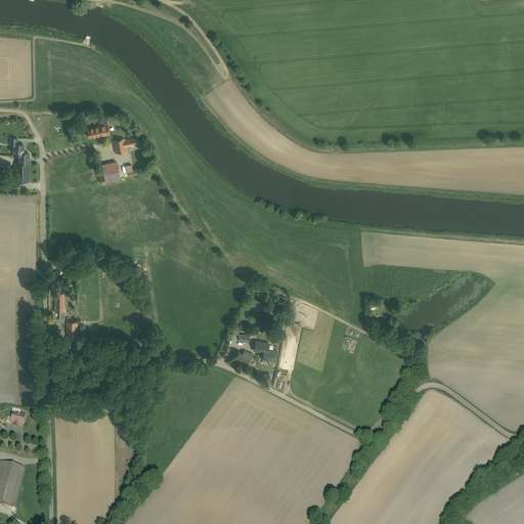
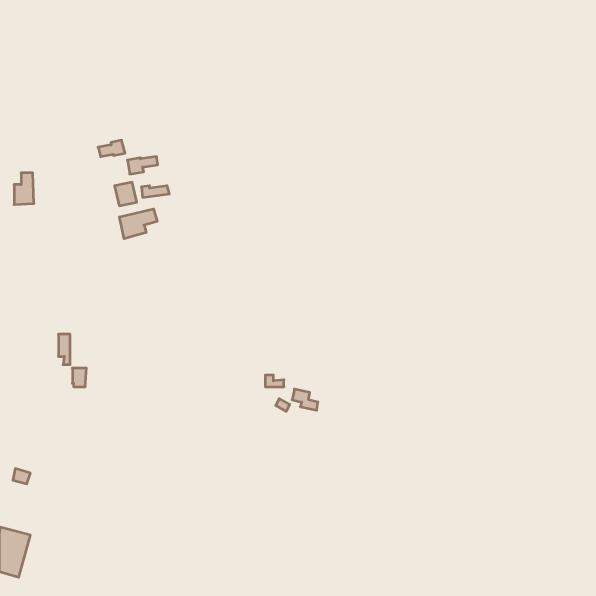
building: none -> [119,209,157,239]

